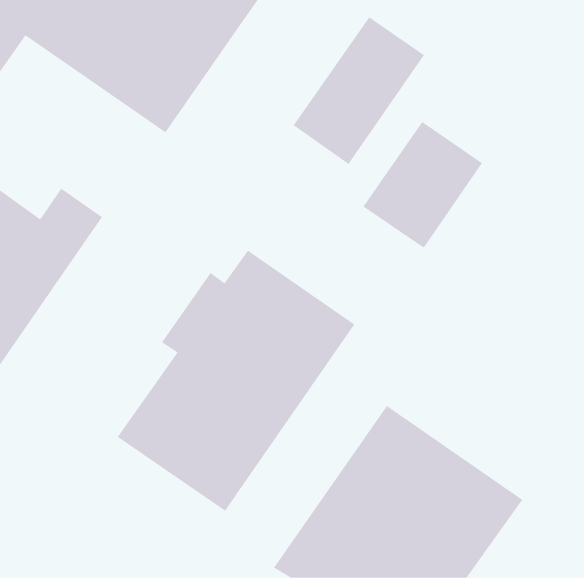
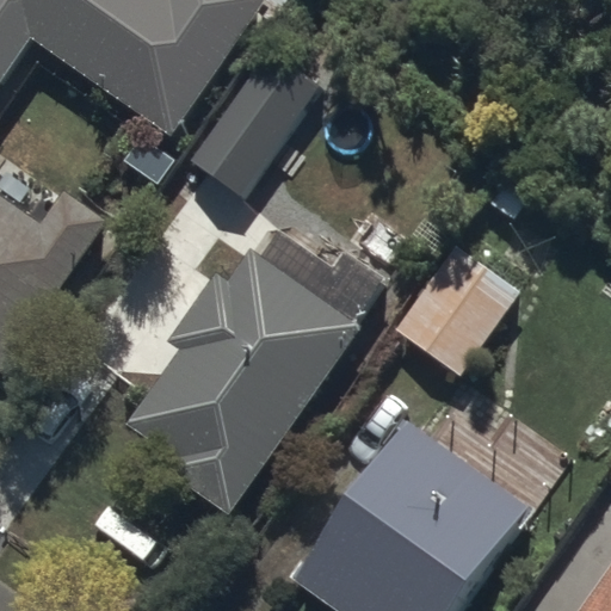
building: [293,16,425,165] -> [183,42,317,193]
building: [362,121,483,248] -> [396,242,519,372]

